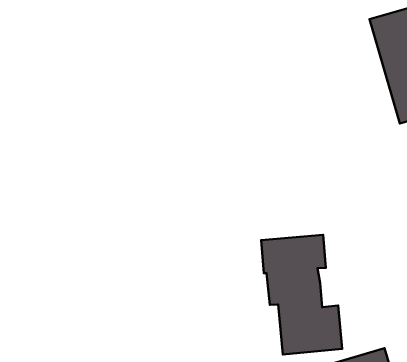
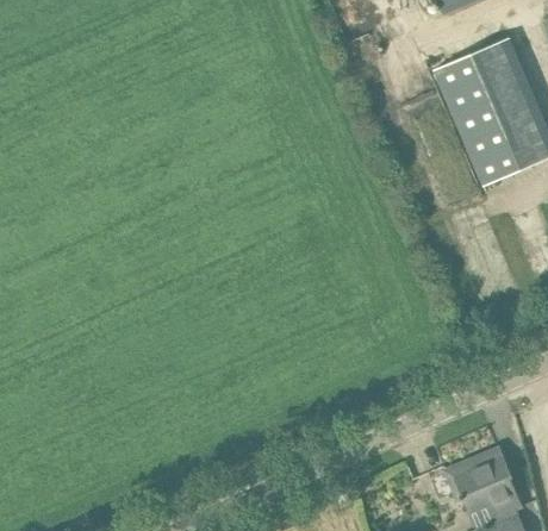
building: [261,235,342,354] -> none

